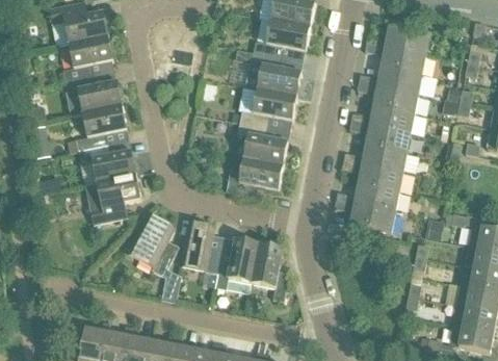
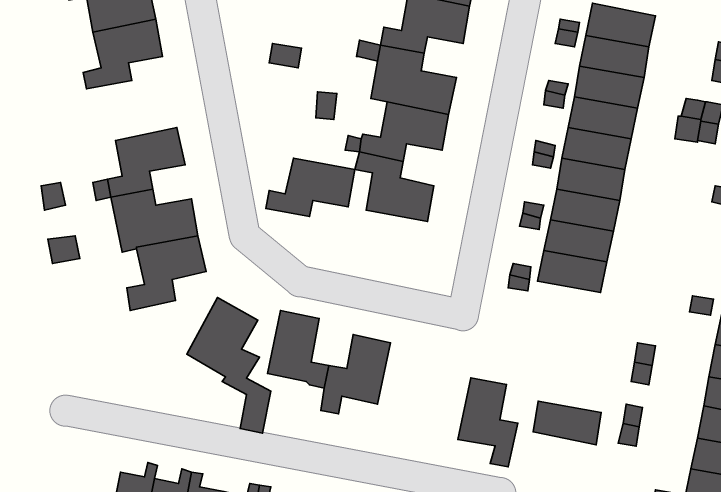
building: [63,75,122,113] -> none
building: [226,158,283,196] -> [266,158,355,217]
building: [350,204,394,232] -> [533,401,601,445]
building: [251,243,289,301] -> [458,378,518,467]

